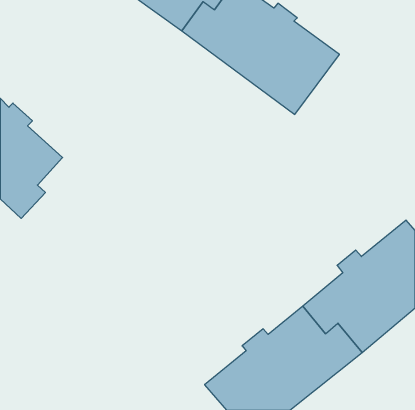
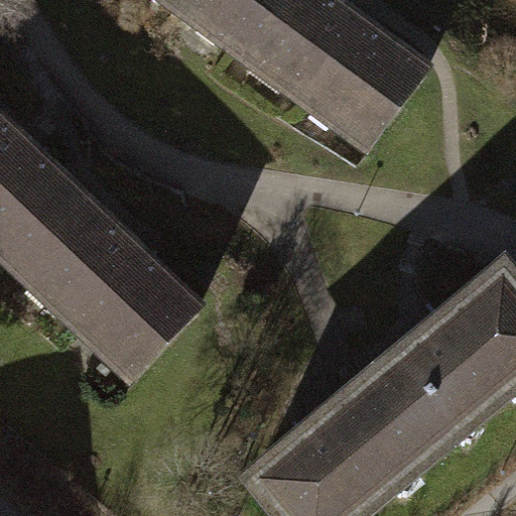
building: none -> [26,196,196,373]

